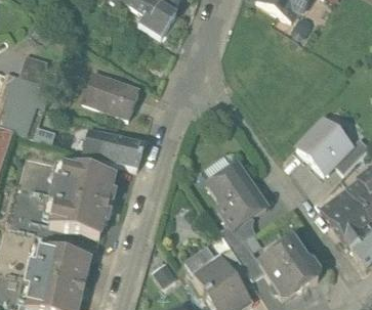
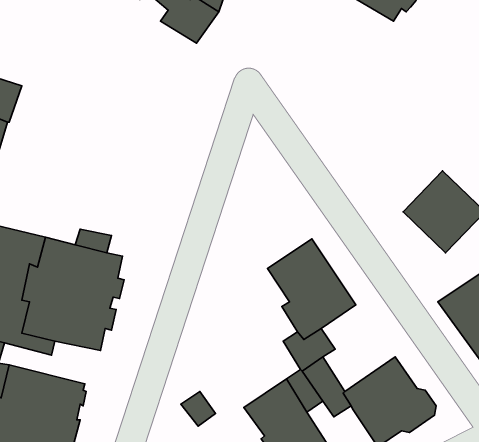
building: [84,74,140,117] -> none
building: [85,128,146,166] -> none

